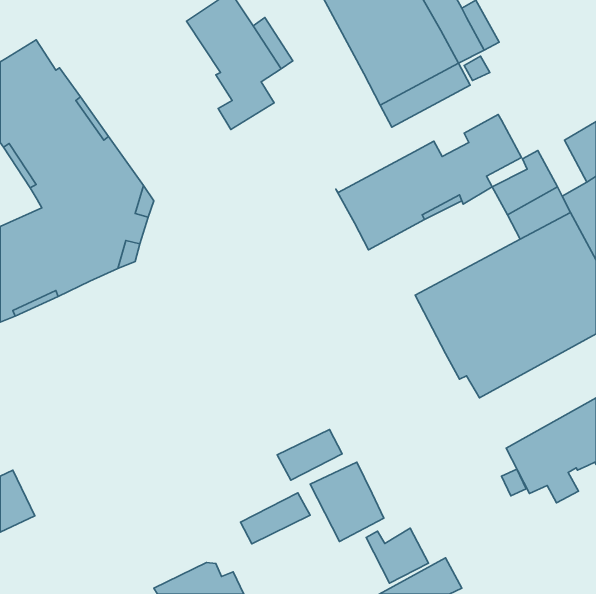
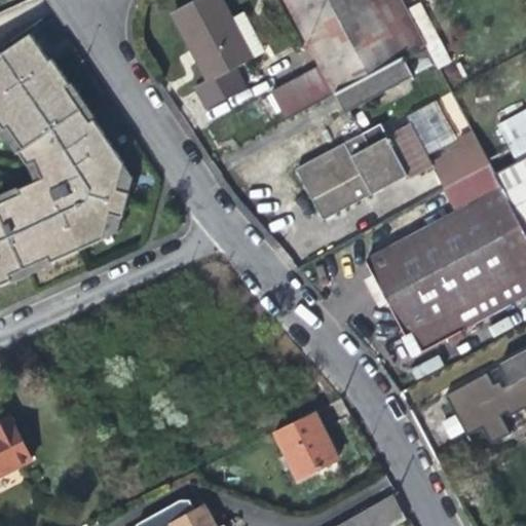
building: none -> [270,65,335,118]
building: [277,429,342,480] -> none
building: [240,493,310,544] -> none
building: [366,528,429,583] -> none

